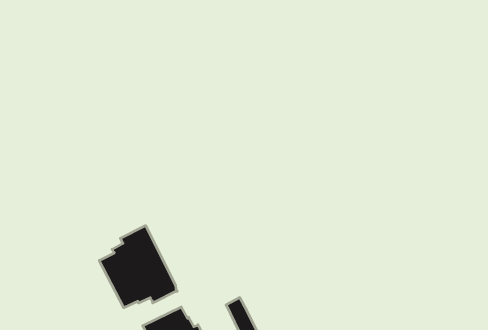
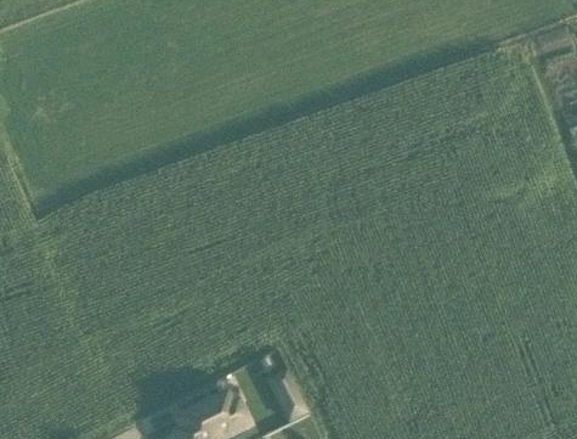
building: [99,226,177,308] -> none

